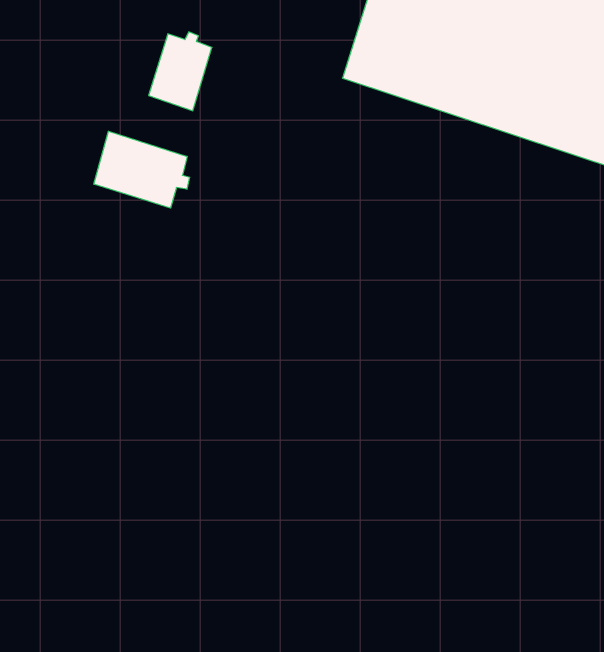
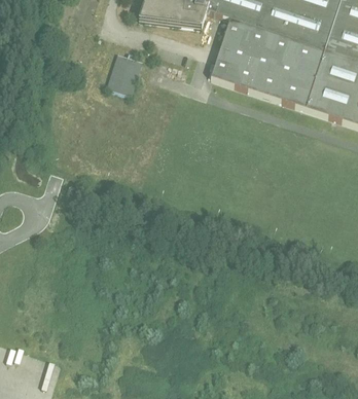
building: [94,131,190,208] -> none

